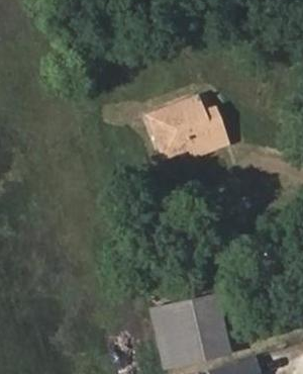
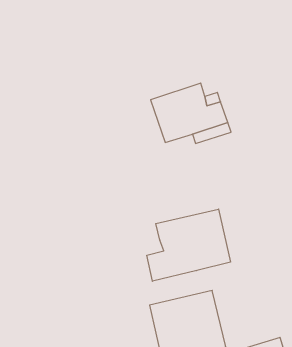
building: none -> [147,209,230,281]

